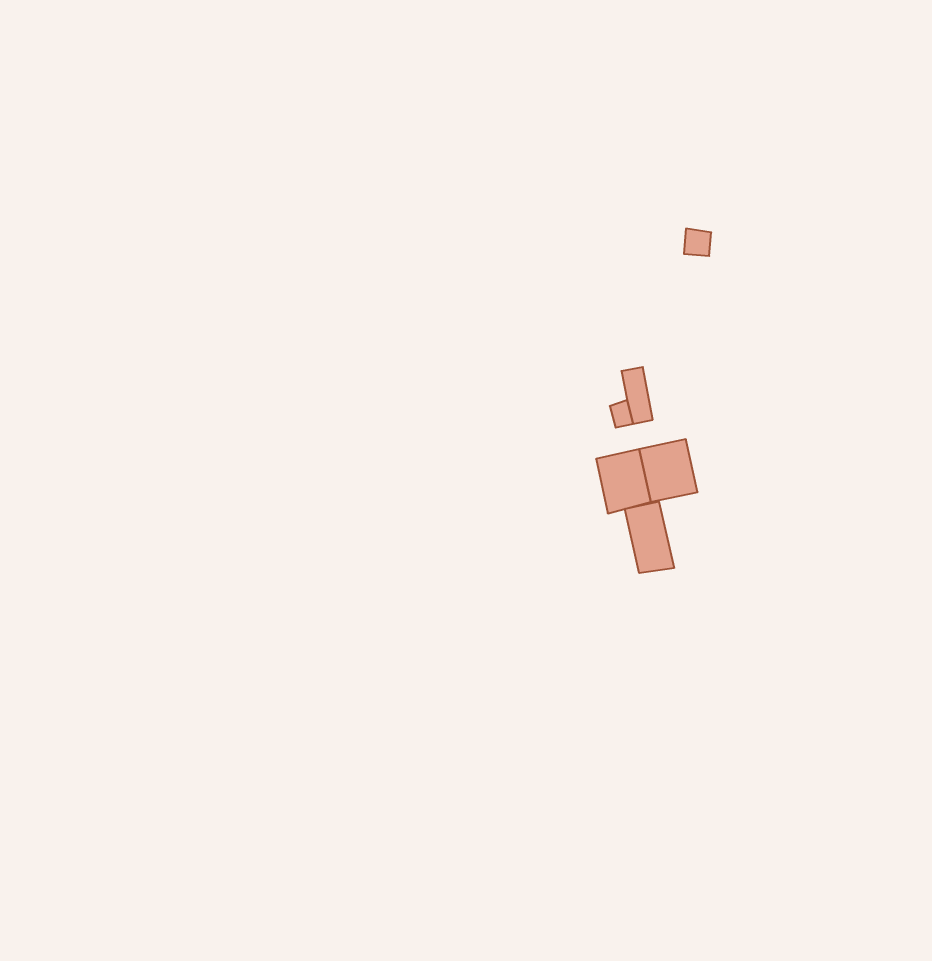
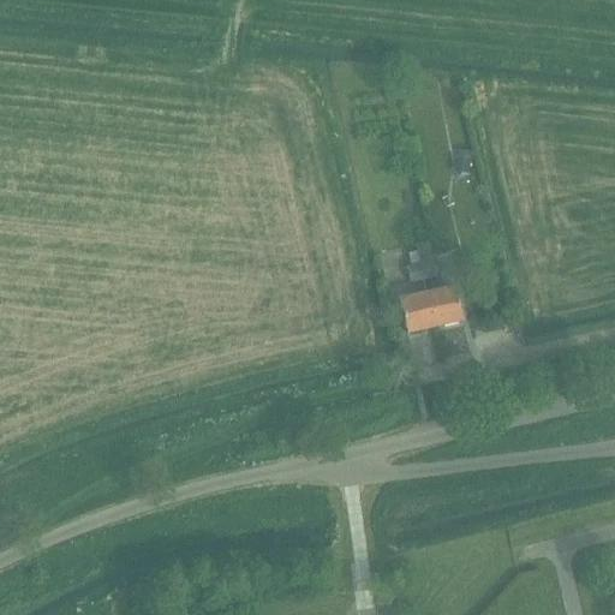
building: [625,502,674,573] -> none

